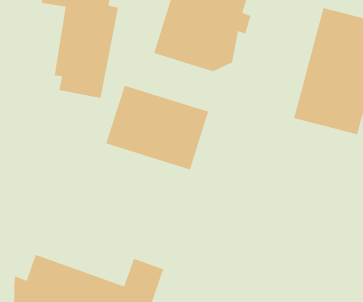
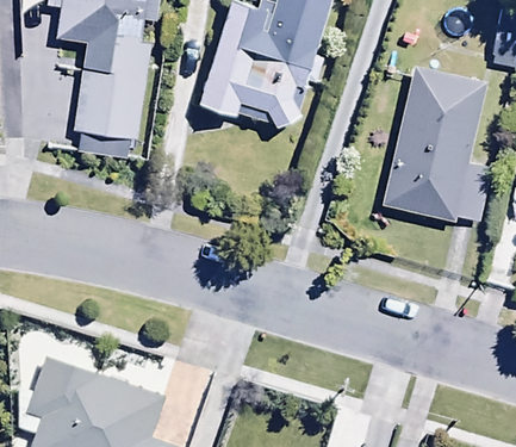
building: [105,85,209,170] -> none

